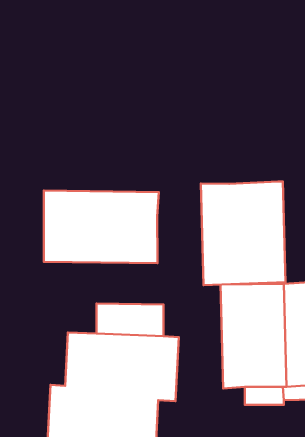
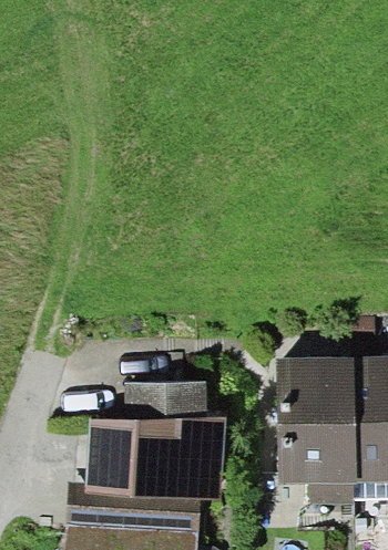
building: [201,181,285,285] -> none
building: [44,191,159,263] -> none

